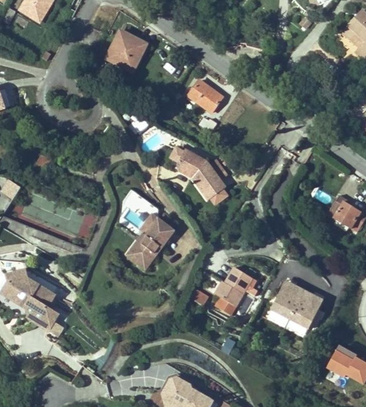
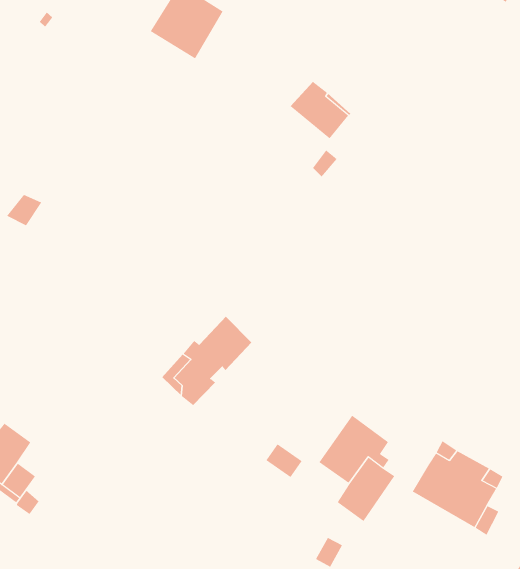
building: [176,147,225,198] -> none

